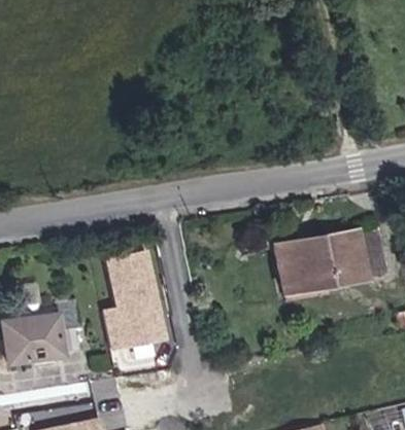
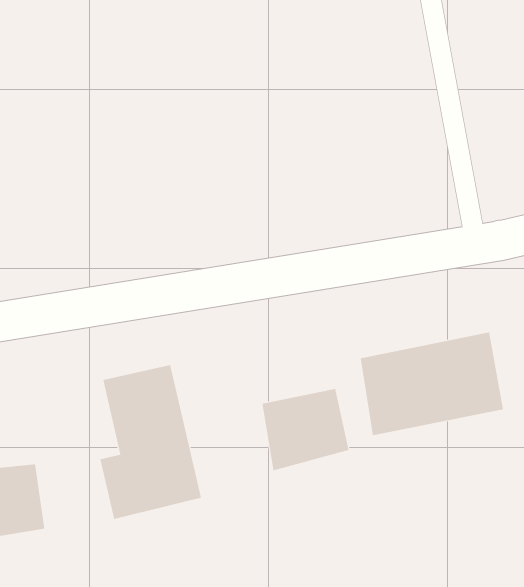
building: none -> [262,388,349,471]

